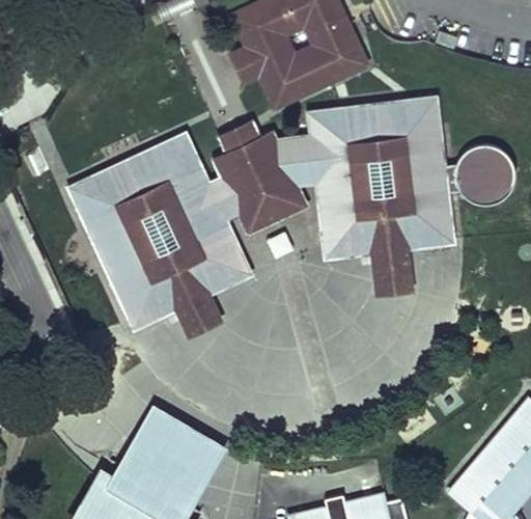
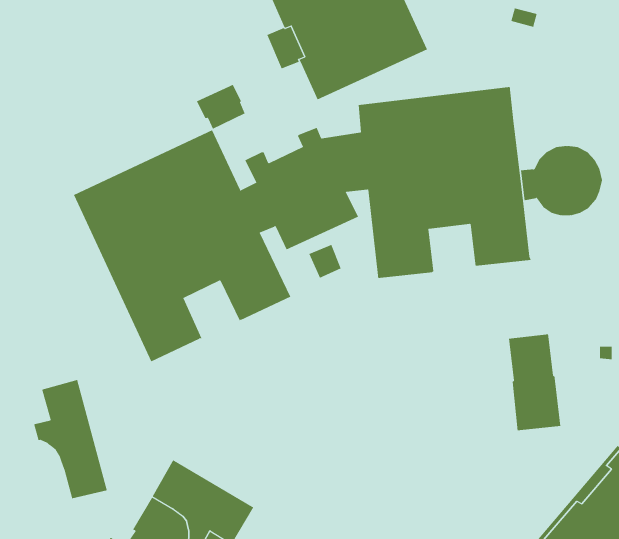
building: [220,121,261,160] -> [196,84,246,130]
building: [368,212,413,294] -> [508,334,561,431]
building: [162,260,222,335] -> none
building: none -> [34,379,107,499]

